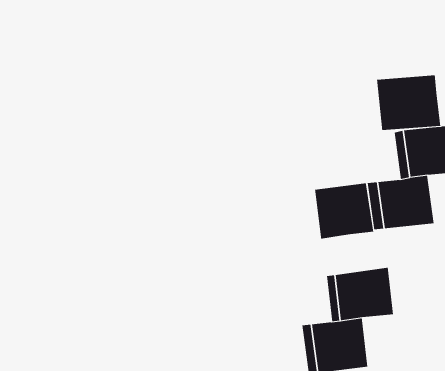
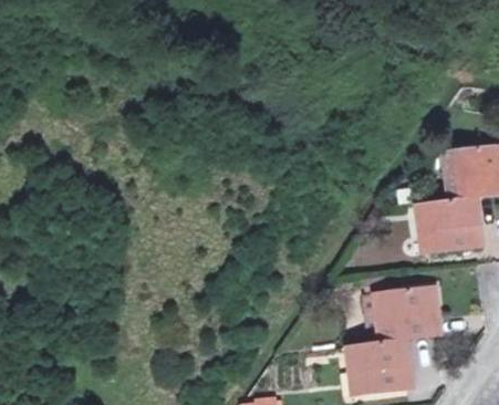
building: [377,74,441,131] -> none
building: [314,183,374,239] -> none

